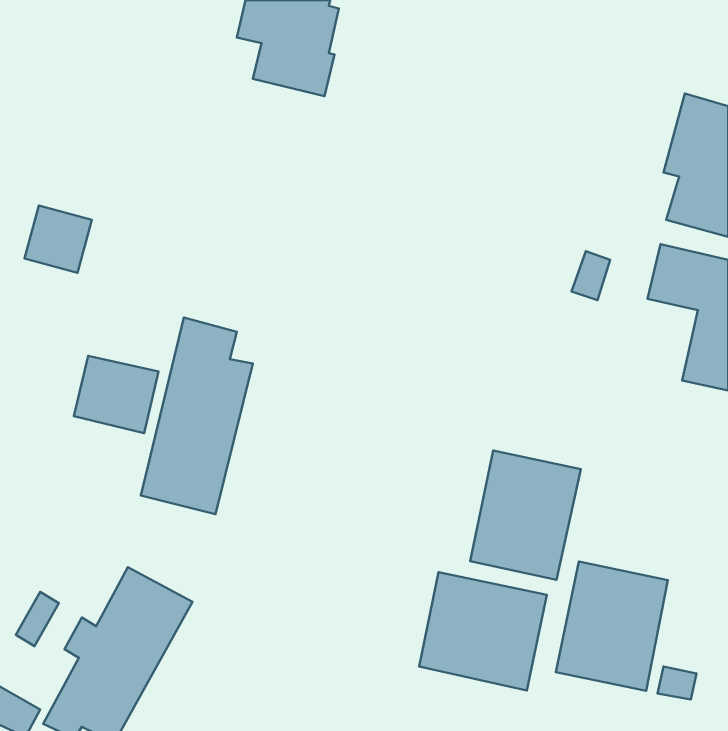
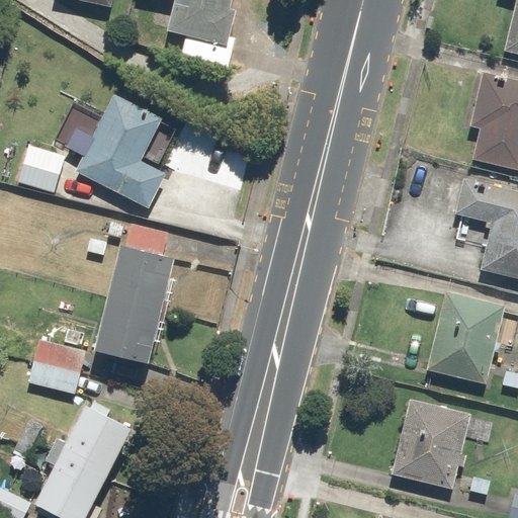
building: none -> [67,99,174,213]
building: [74,356,159,433] -> [28,340,88,395]
building: [470,450,581,580] -> [428,291,506,382]
building: [419,572,547,691] -> none

